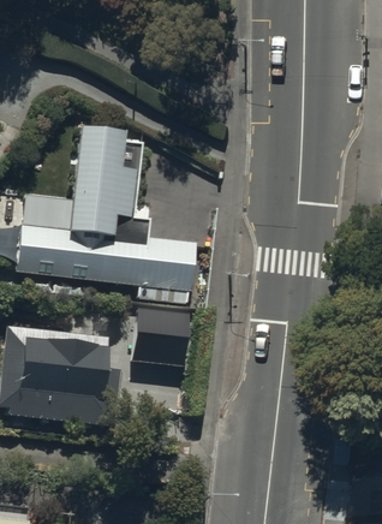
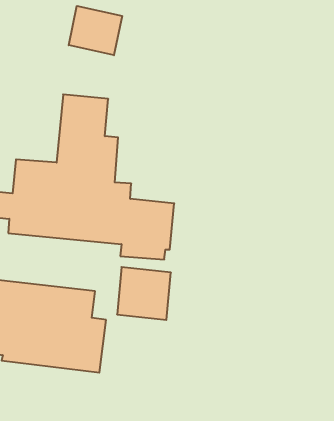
building: none -> [69,6,122,55]

